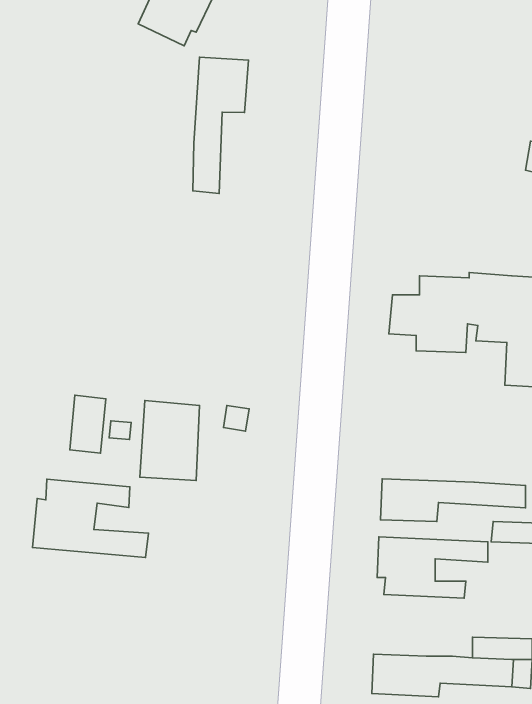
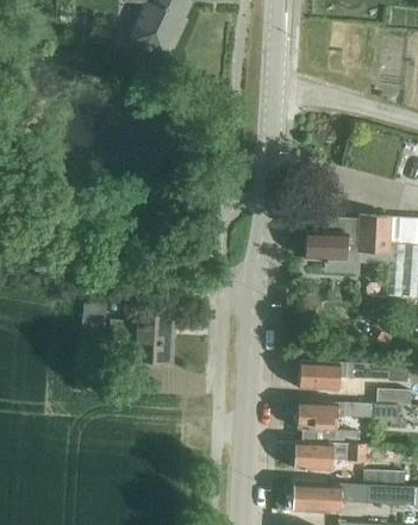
building: [193,57,248,193] -> none
building: [32,479,149,558] -> none
building: none -> [294,440,366,470]

